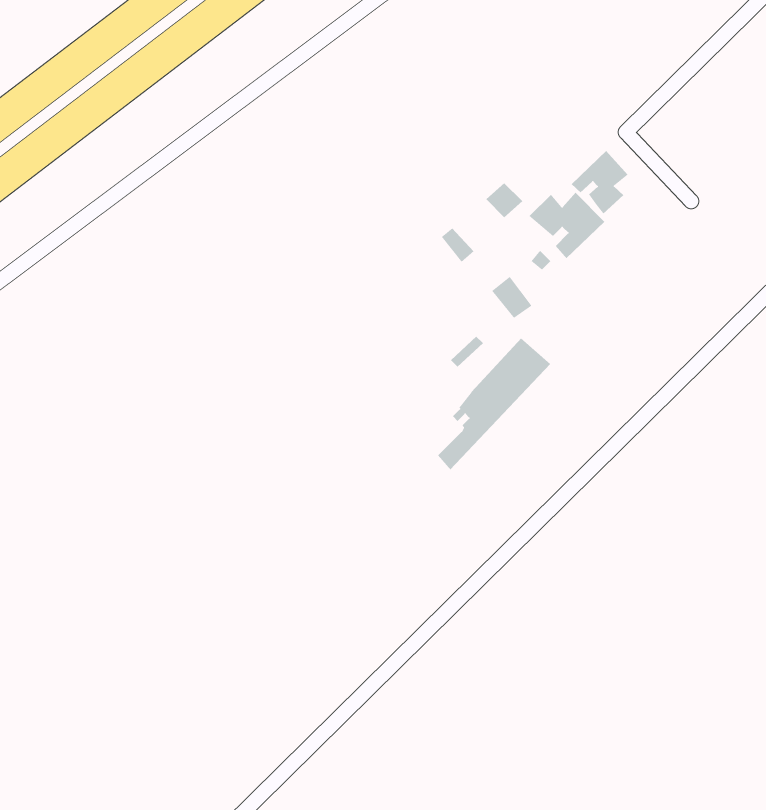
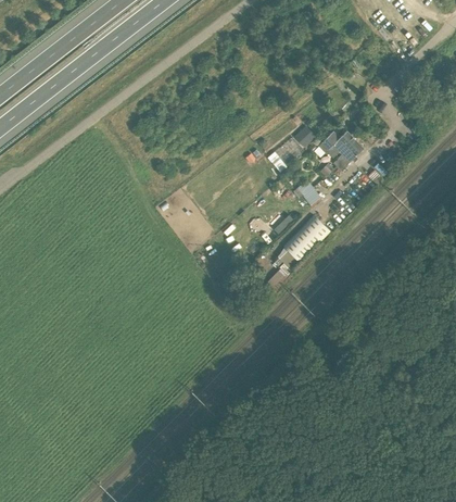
building: [571,150,628,215] -> none

